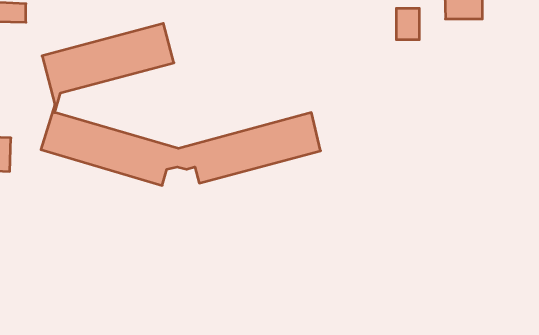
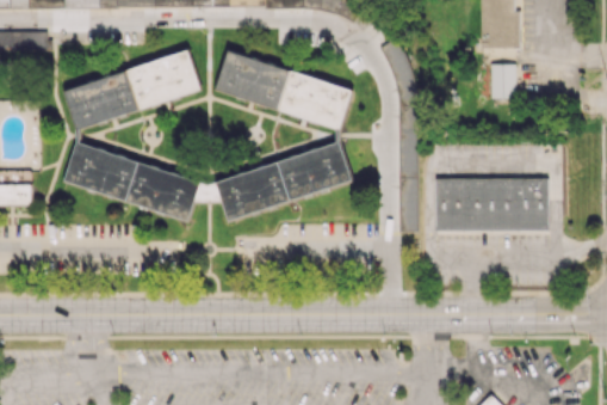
building: [396,8,419,40] -> [491,65,515,97]
building: none -> [216,51,353,129]
building: none -> [436,178,549,229]

